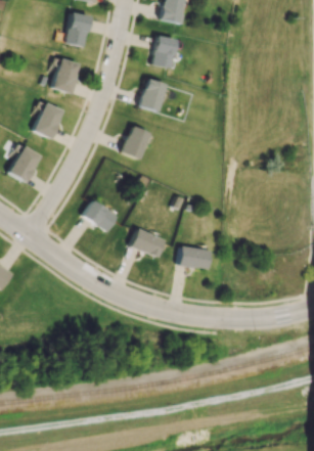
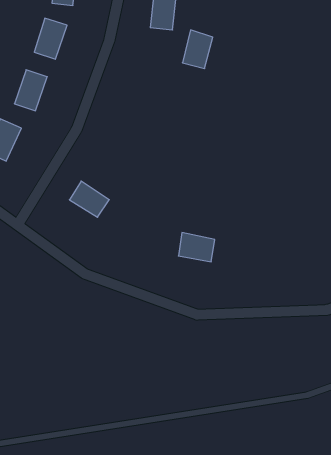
building: [140,78,167,111] -> [182,30,213,69]
building: [123,126,149,159] -> none
building: [131,228,165,258] -> none

